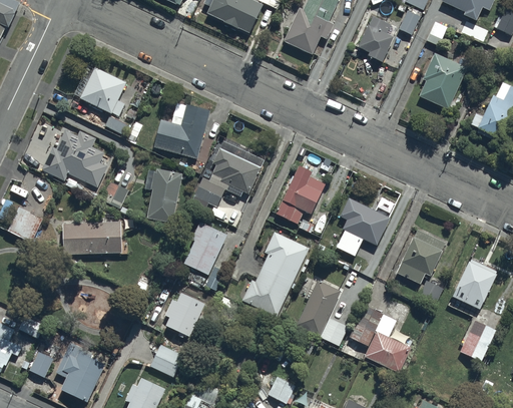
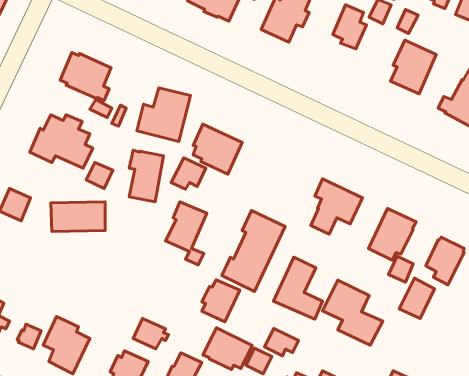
building: [275,165,325,223] -> none
building: [165,292,205,336] -> [202,280,240,322]
building: [459,319,496,361] -> [399,278,435,318]
building: none -> [203,328,252,369]
building: none -> [265,329,299,356]

